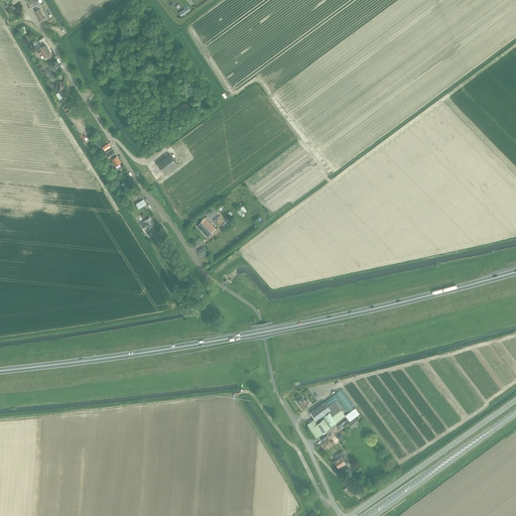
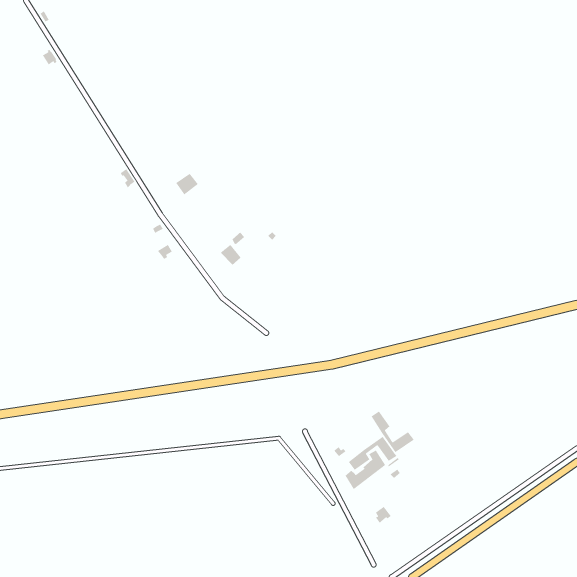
building: none -> [370,410,415,453]

